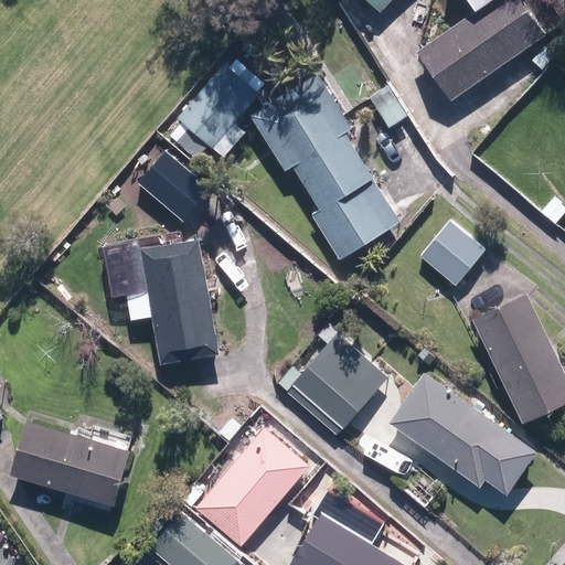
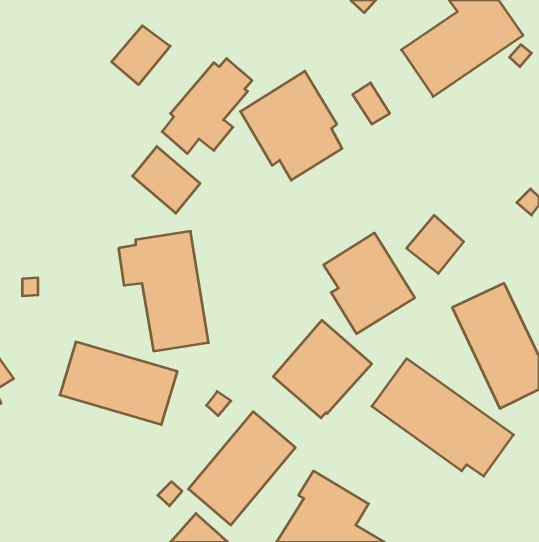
building: none -> [112,26,170,85]
building: [303,154,398,259] -> [324,233,415,334]
building: [9,420,131,507] -> [60,342,177,425]

